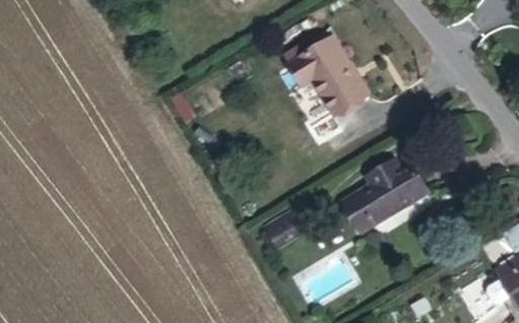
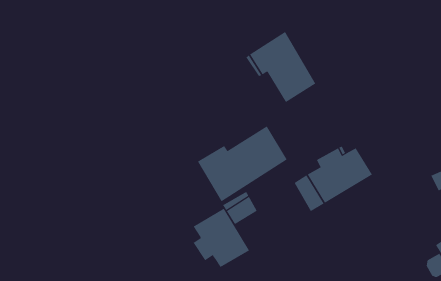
building: none -> [197,125,288,202]
building: none -> [193,208,250,268]

